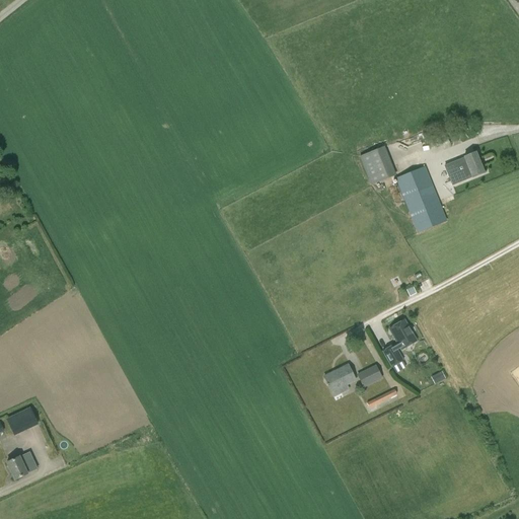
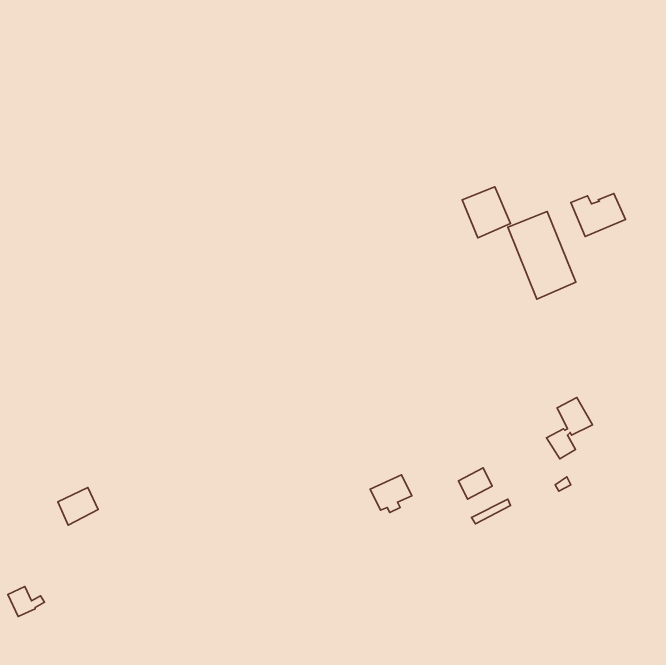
building: [382,318,418,366] -> [547,397,592,459]
building: [324,363,357,392] -> [370,475,412,513]
building: [7,405,39,435] -> [58,487,98,525]

